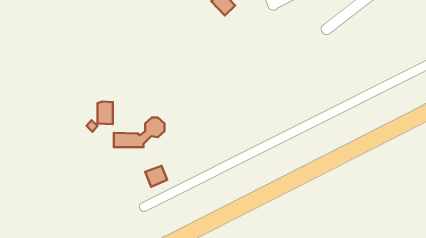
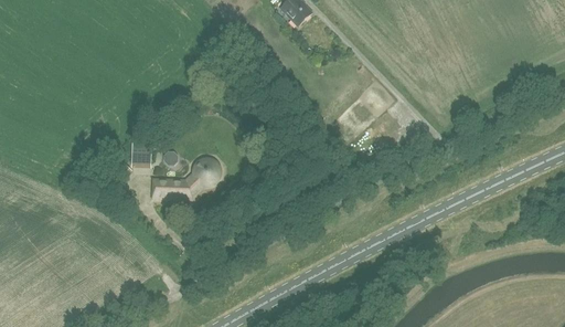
building: [145,166,167,187] -> none

